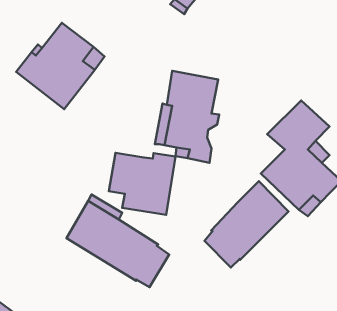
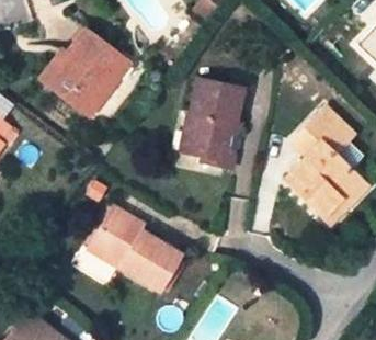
building: [109,153,176,215] -> none
building: [204,181,288,267] -> none

